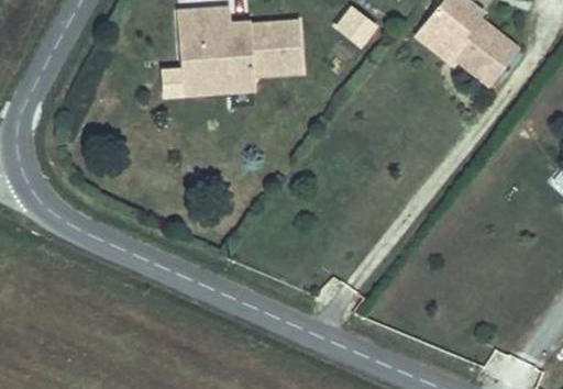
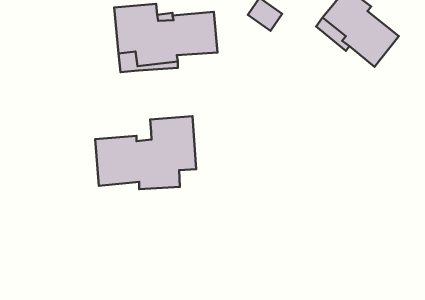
building: none -> [95,116,196,189]

